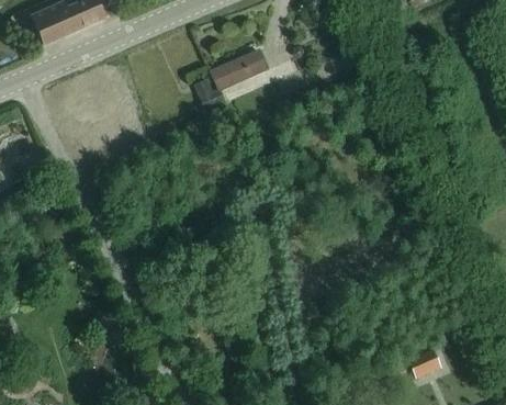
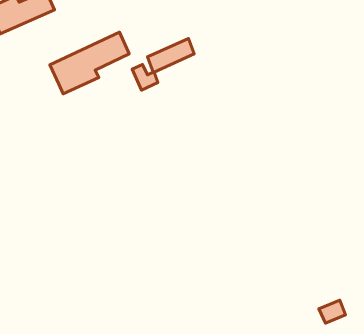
building: none -> [50,32,129,94]

